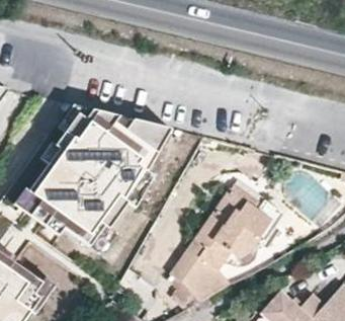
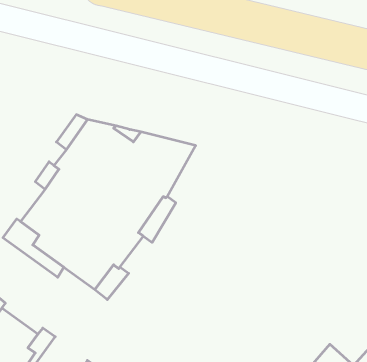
building: [170,188,285,298] -> none

